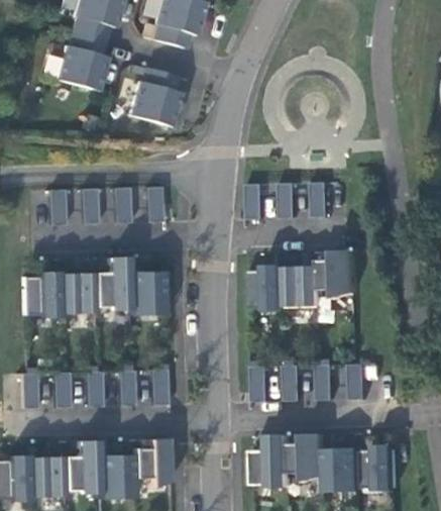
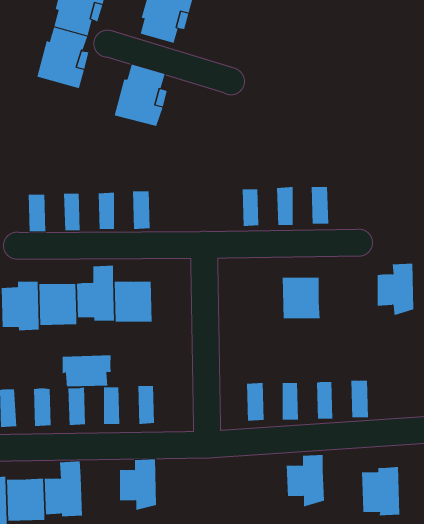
building: [321,250,356,300] -> [377,263,414,316]
building: [250,266,287,312] -> none
building: none -> [62,355,111,387]
building: [255,436,291,488] -> none
building: [325,449,361,488] -> none
building: [98,455,134,494] -> none

